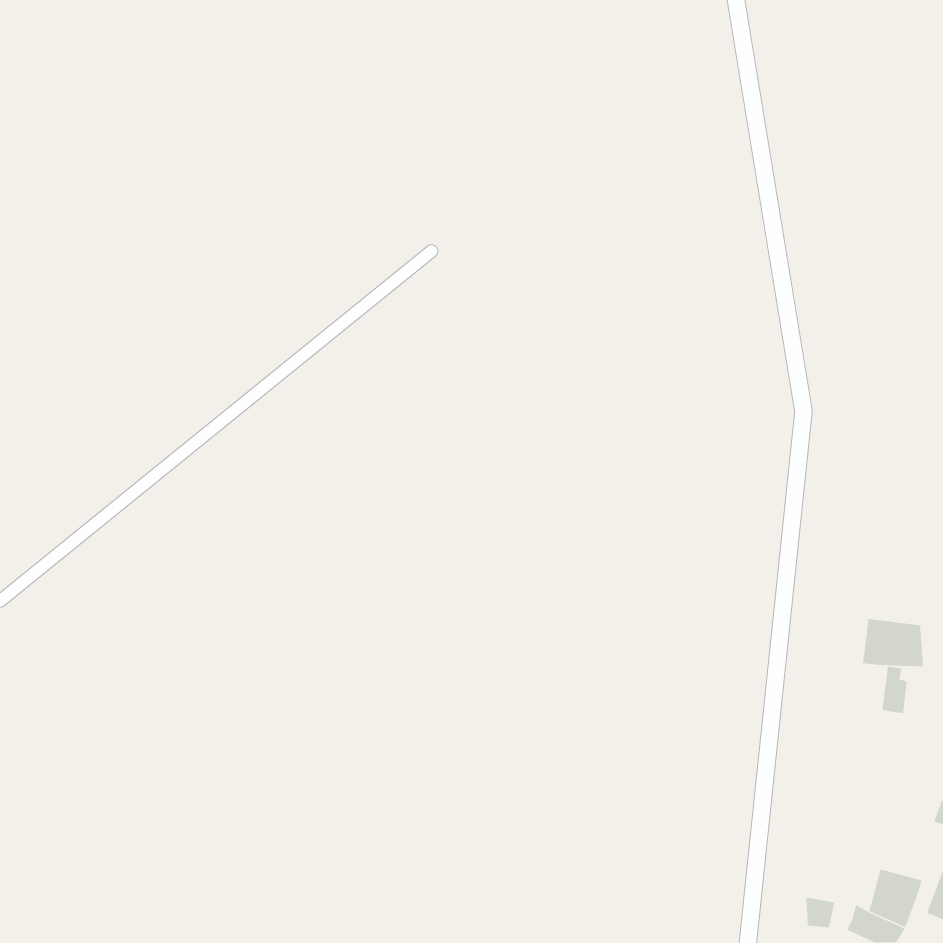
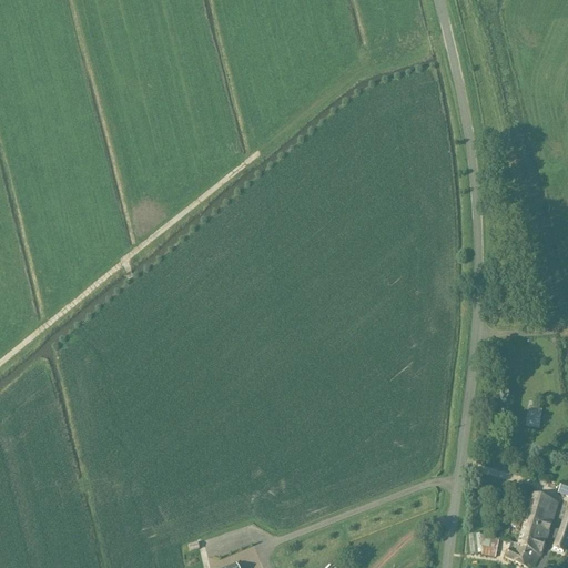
building: [862,618,924,667] -> none
building: none -> [529,493,561,525]

